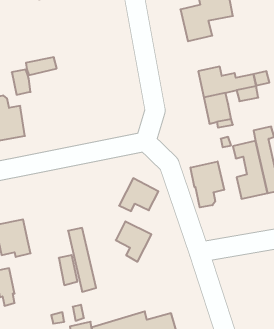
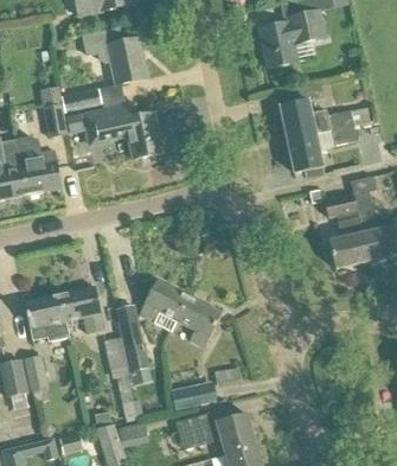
building: none -> [81,27,148,84]
building: none -> [82,102,164,159]
building: [191,161,224,207] -> none
building: [119,178,158,211] -> [139,280,188,321]
building: none -> [59,287,104,333]
building: none -> [171,382,217,410]

